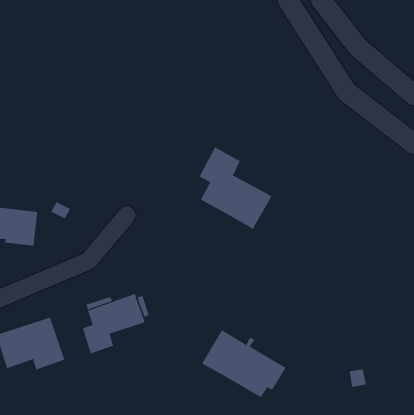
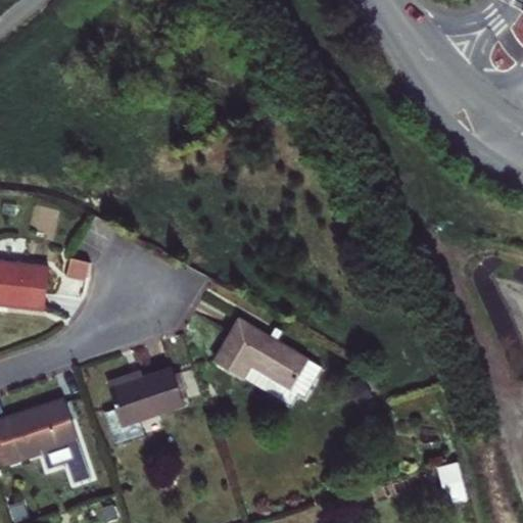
building: [199,146,272,230] -> none
building: [201,330,286,398] -> [212,319,320,405]

